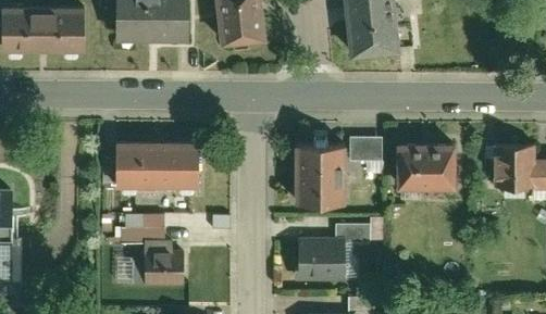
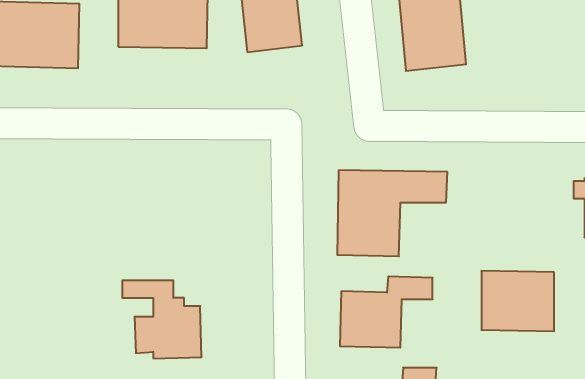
building: [113,138,198,189] -> none
building: [398,139,457,188] -> [481,271,554,331]

